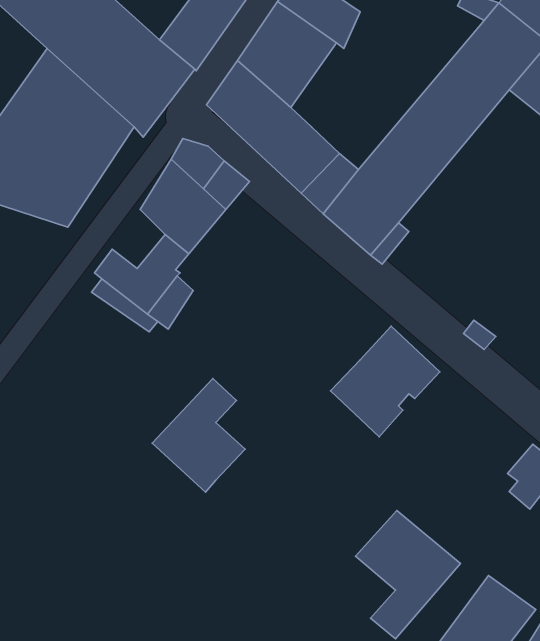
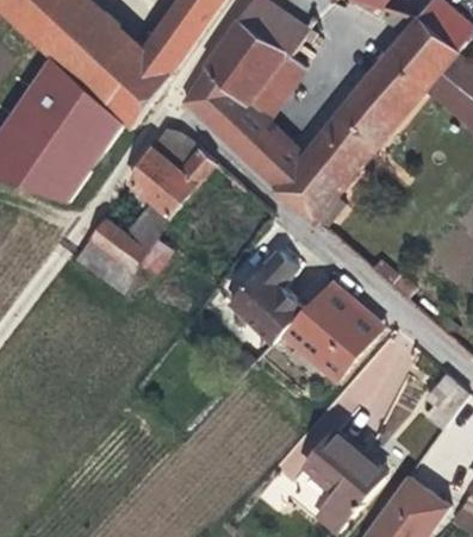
building: none -> [249,50,304,118]
building: none -> [320,316,384,381]
building: [152,378,245,492] -> [230,249,305,341]

